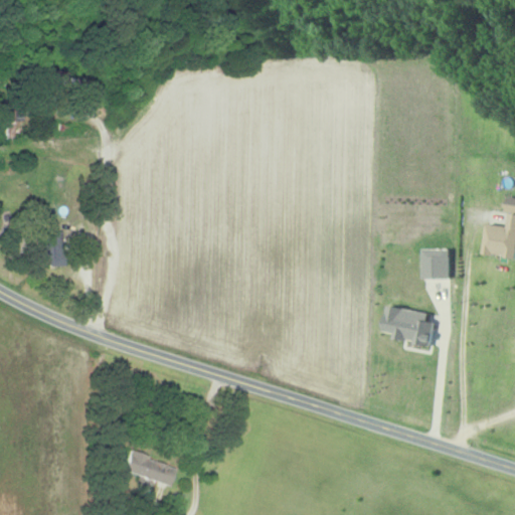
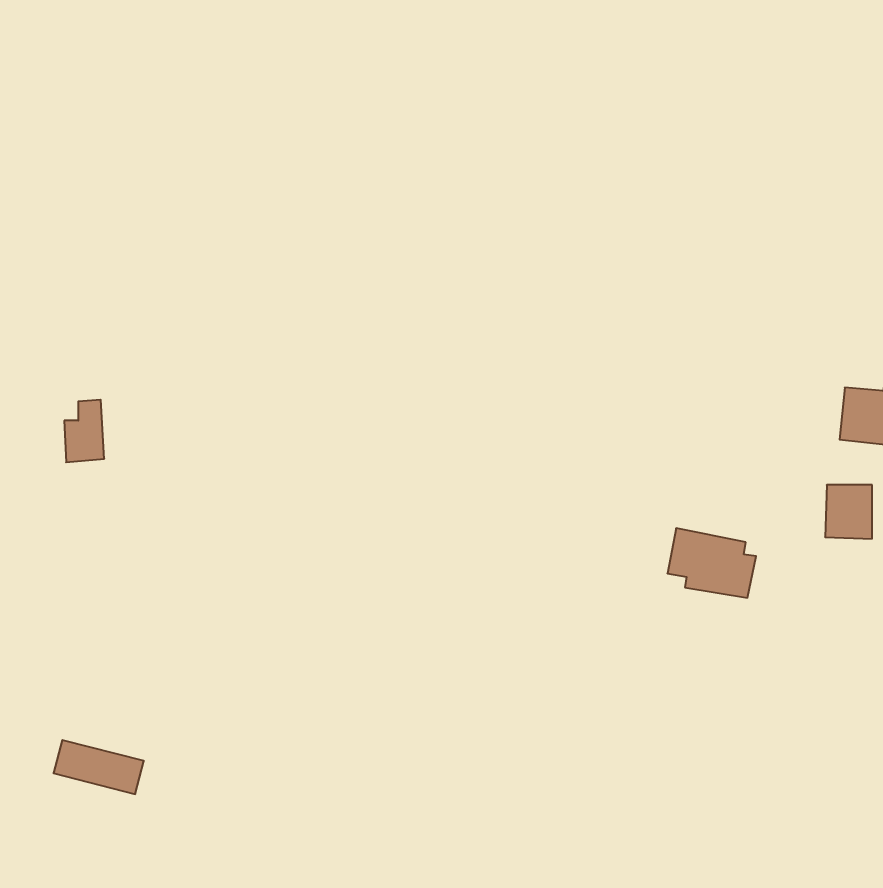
building: [428,248,456,280] -> [825,485,872,539]
building: [124,454,176,485] -> [53,740,144,794]

